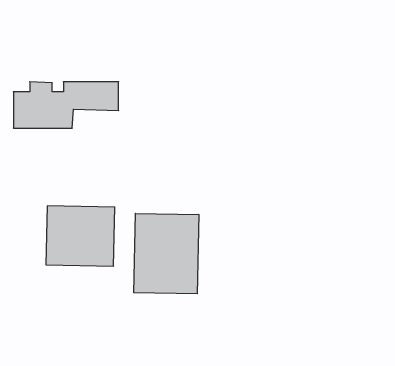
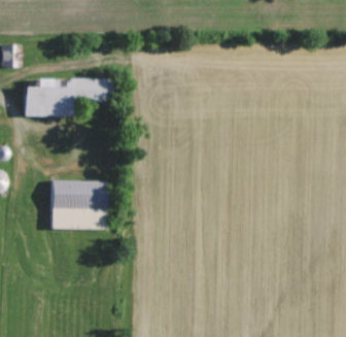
building: [134,213,199,294] -> none

